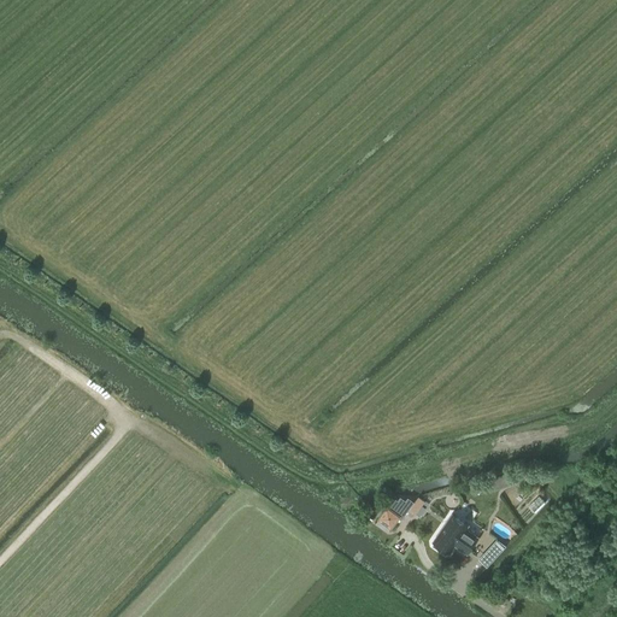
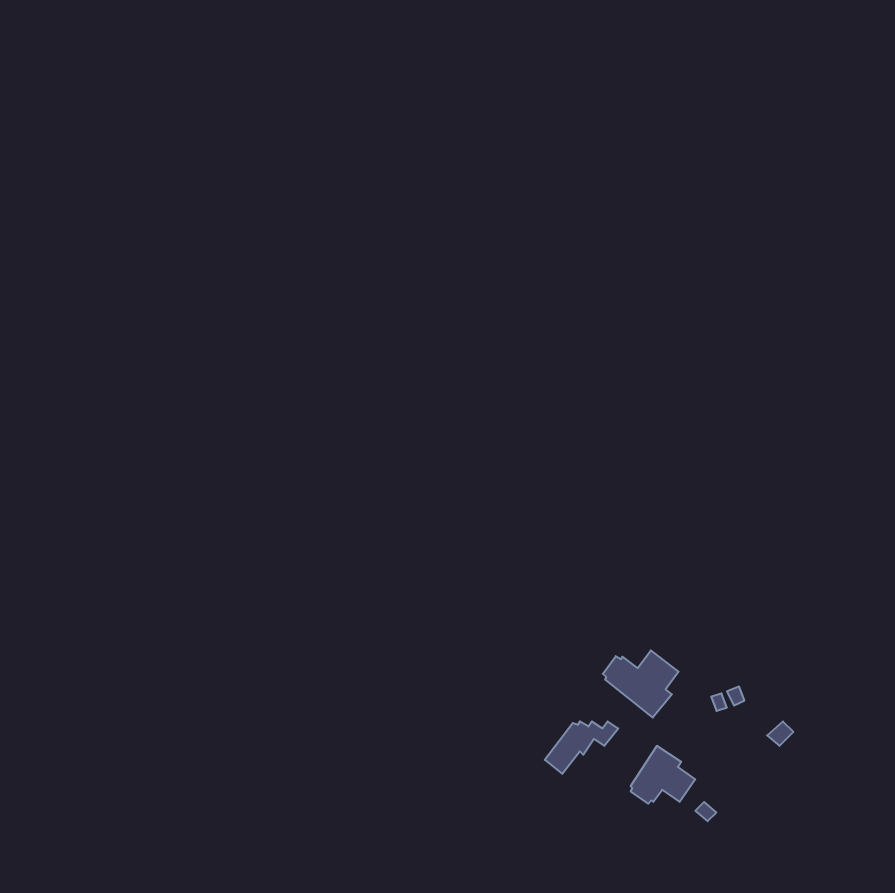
building: none -> [603,650,679,718]

